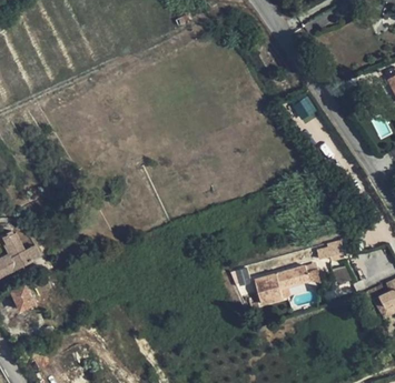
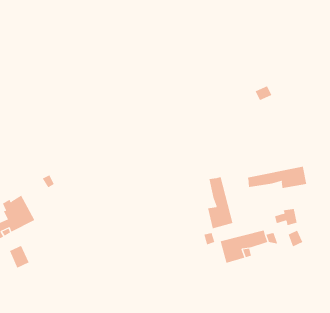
building: none -> [247,166,307,189]
building: none -> [208,176,233,229]

